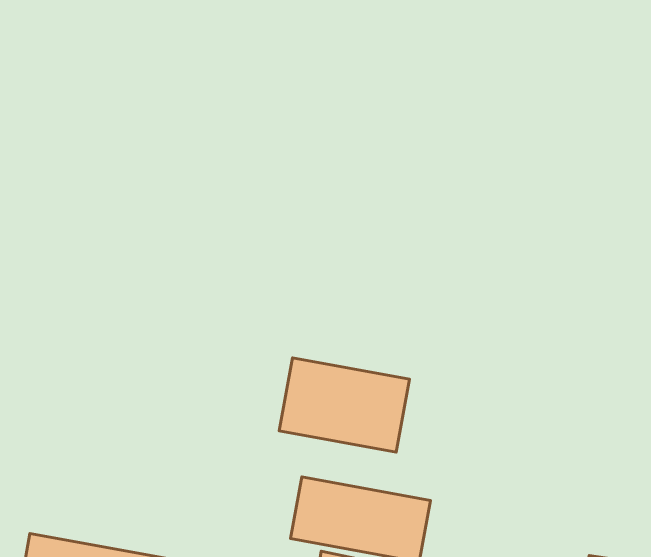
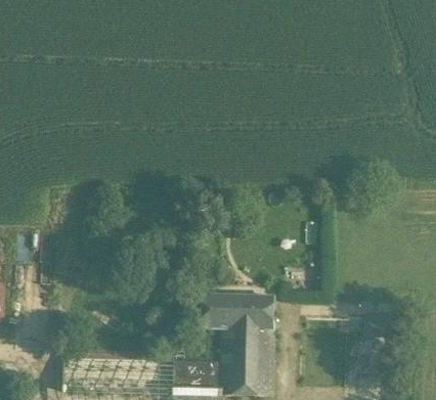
building: [279,358,409,452] -> none

